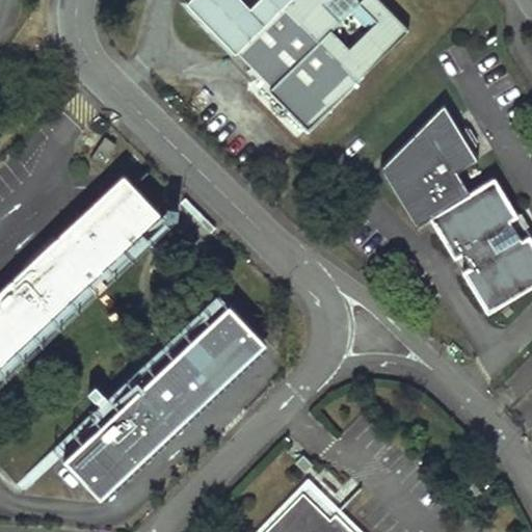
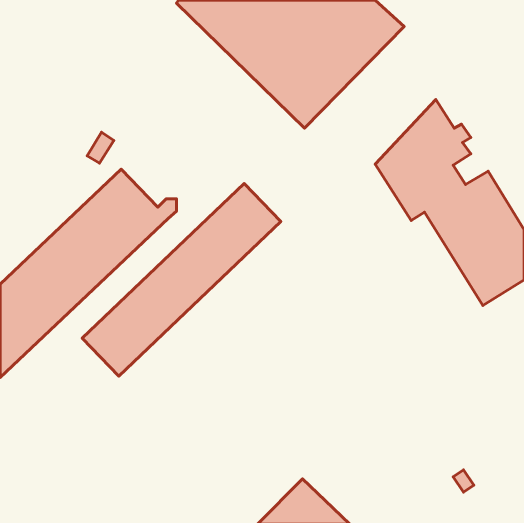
building: [63,303,265,499] -> [82,183,281,376]

